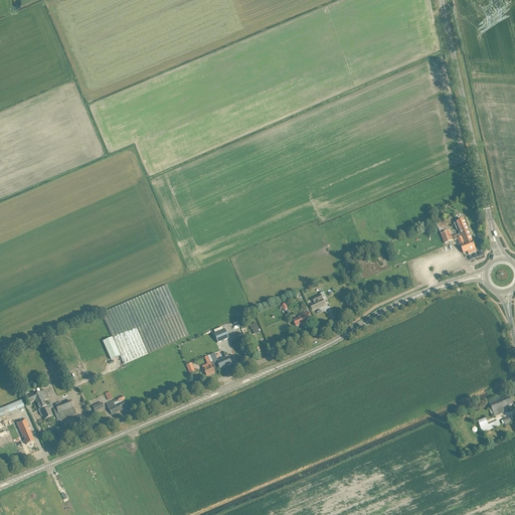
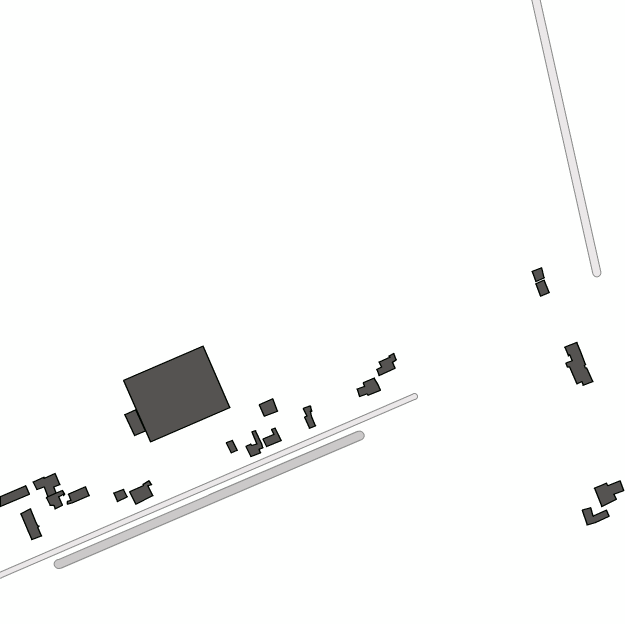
building: [454,218,477,253] -> [565,342,593,385]

